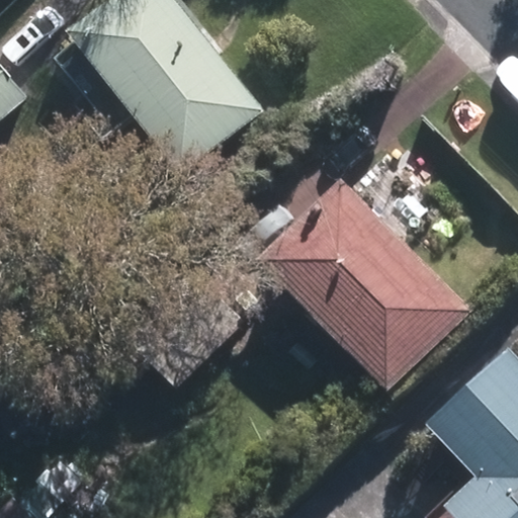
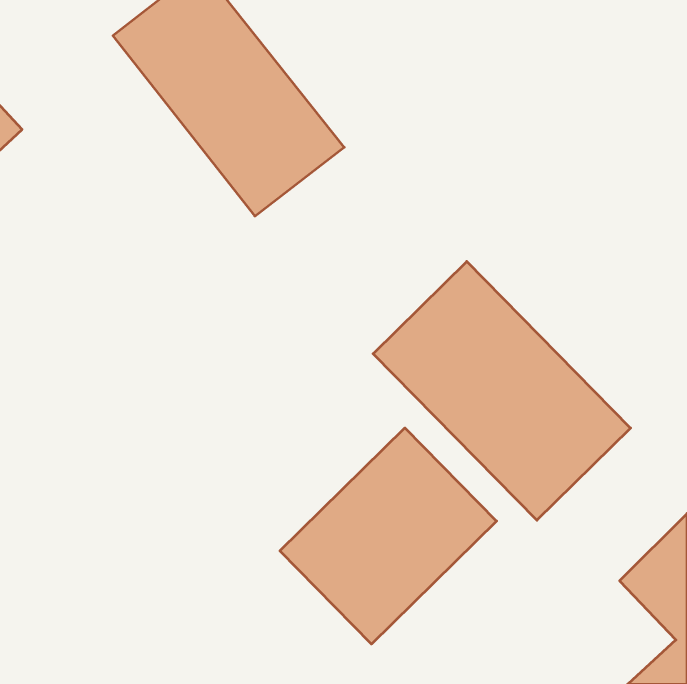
building: none -> [280,428,497,644]

